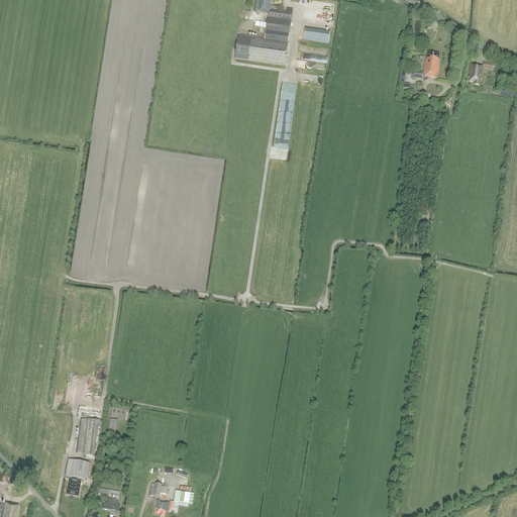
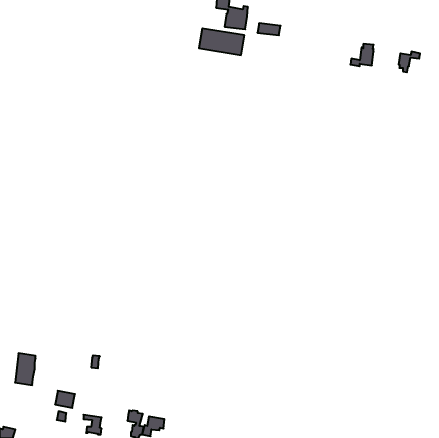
building: [77,417,101,454] -> [15,353,36,385]

